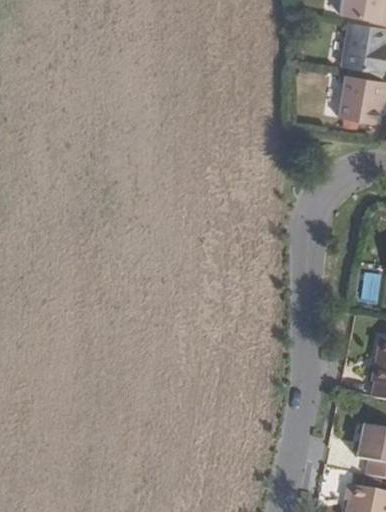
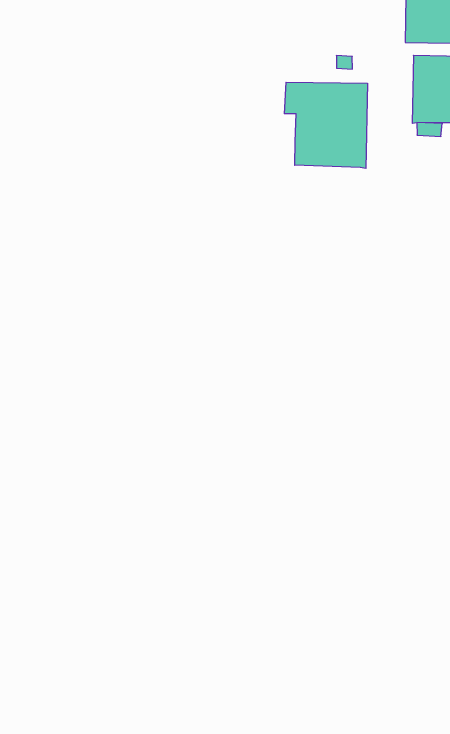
building: none -> [284,82,367,168]

